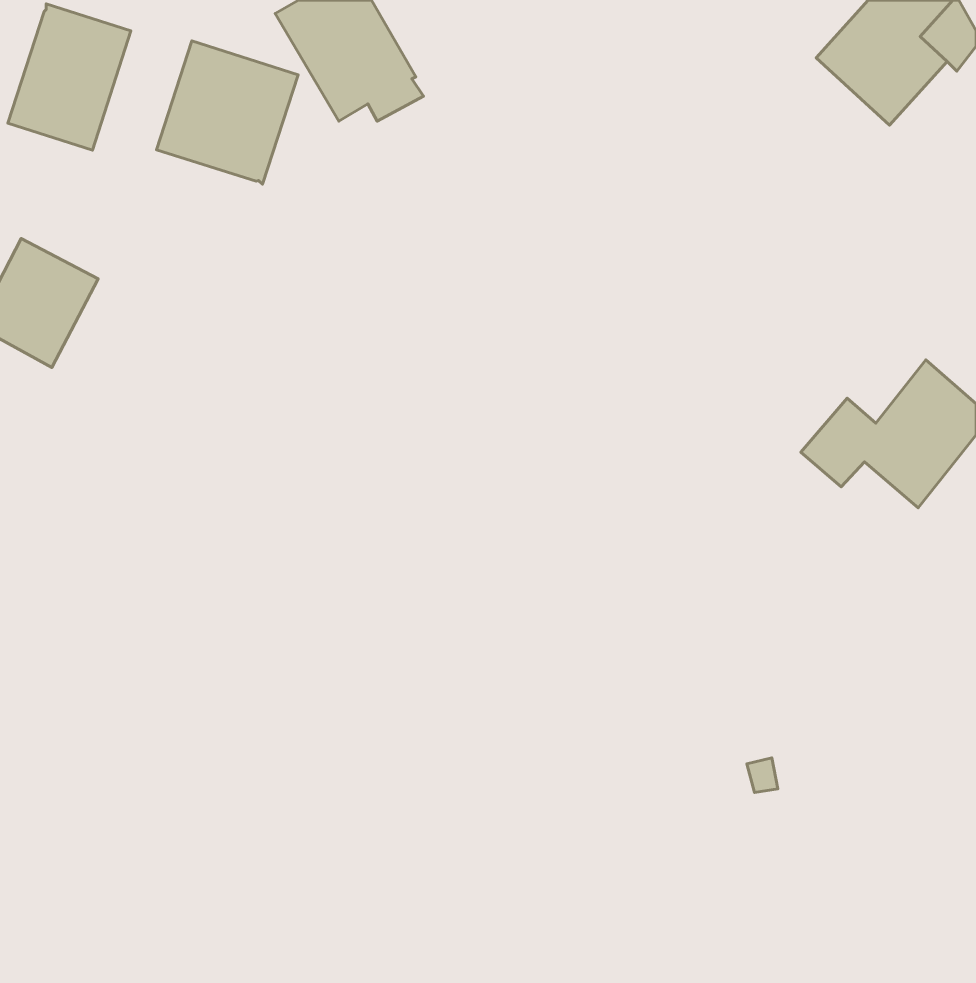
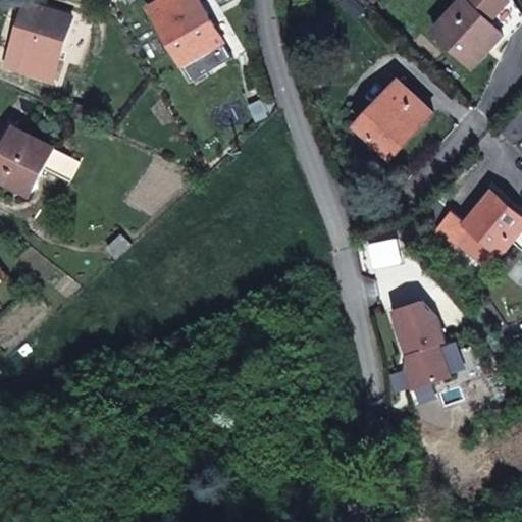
building: [156,41,298,184] -> none
building: none -> [355,81,431,157]
building: none -> [395,300,450,388]

